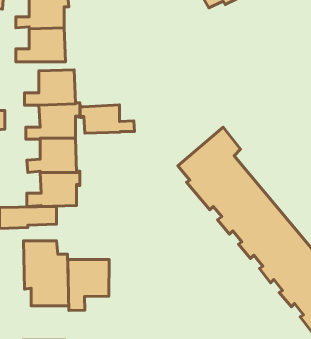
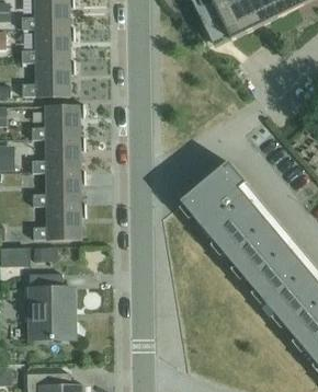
building: [80,105,134,133] -> none
building: [68,259,109,311] -> none

